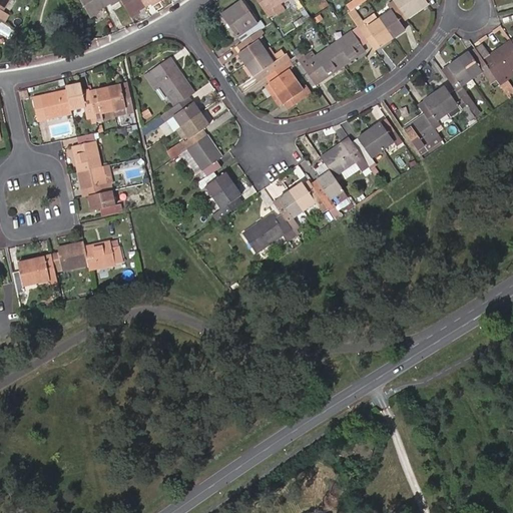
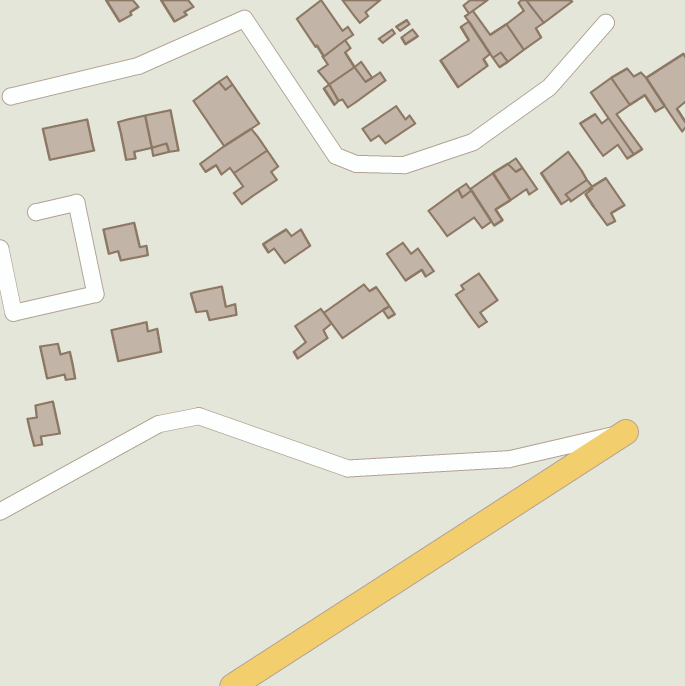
building: [296,45,343,84] -> none
building: [265,60,297,96] -> none
building: [65,82,93,111] -> none
building: [419,92,448,127] -> [586,178,624,225]
building: [72,132,101,171] -> none
building: [181,134,222,176] -> none
building: [313,169,344,209] -> [456,273,498,327]
building: [212,183,240,220] -> [294,309,331,358]
building: [279,189,304,225] -> none
building: [88,190,122,215] -> [191,287,236,320]
building: [52,241,88,272] -> none
building: [12,259,36,292] -> [27,401,60,446]

